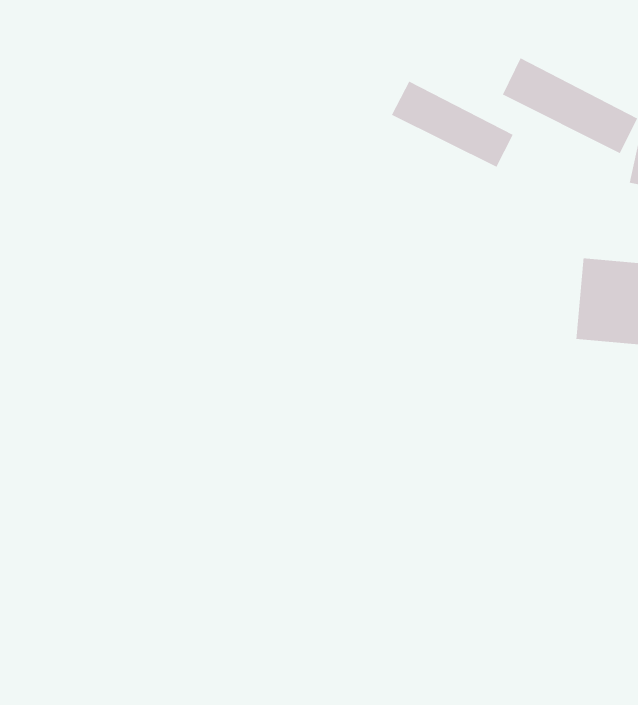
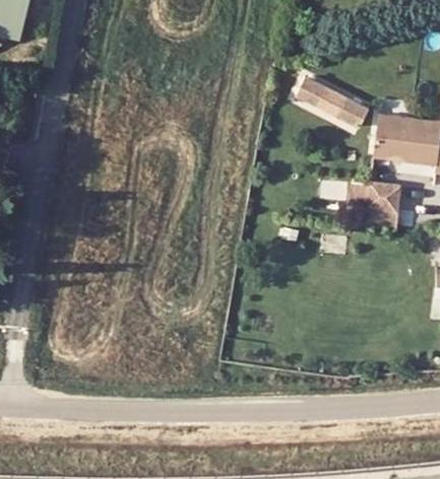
building: [391,81,514,168] -> none

